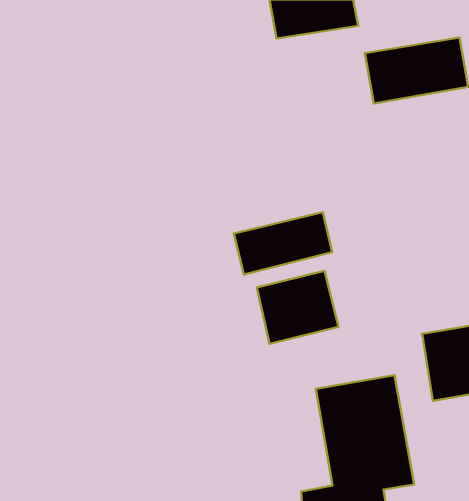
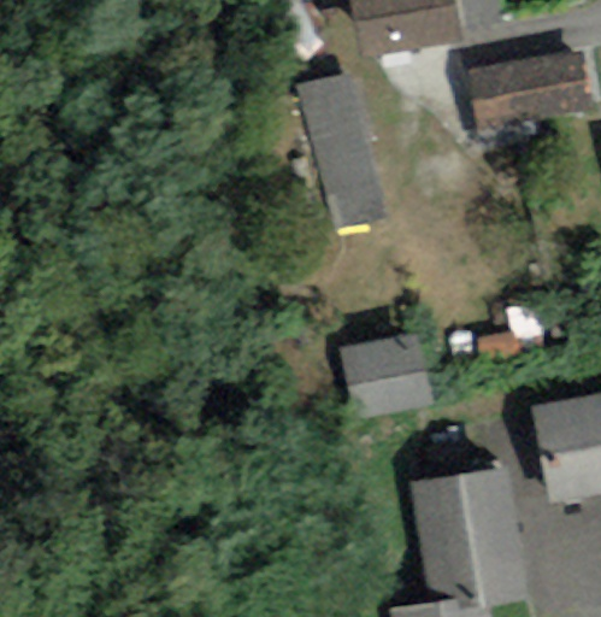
building: none -> [282,72,391,239]
building: [234,212,332,274] -> none

